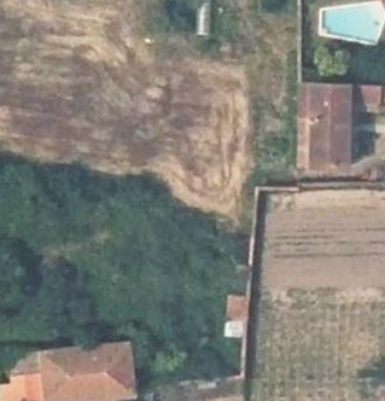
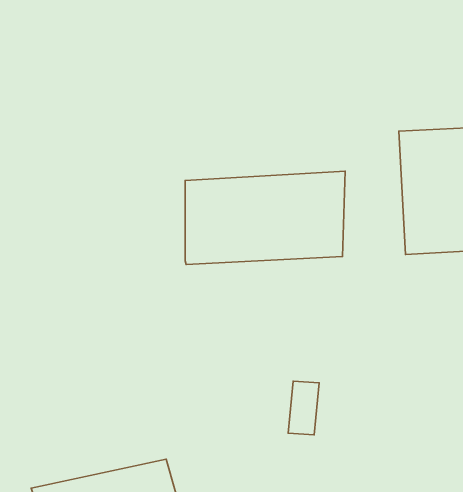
building: none -> [185,171,345,265]

